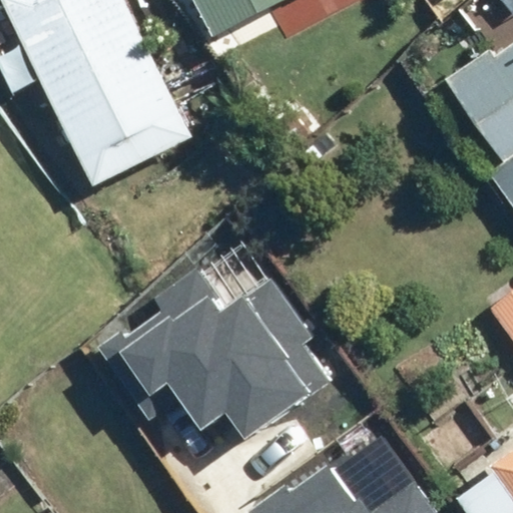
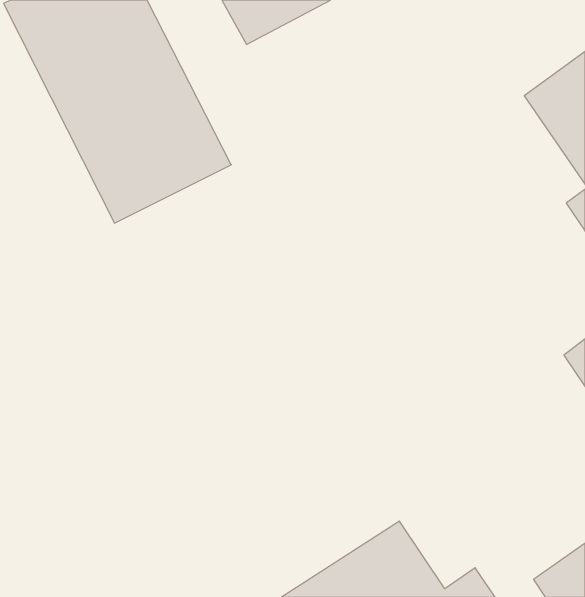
building: [118,273,318,424] -> none

